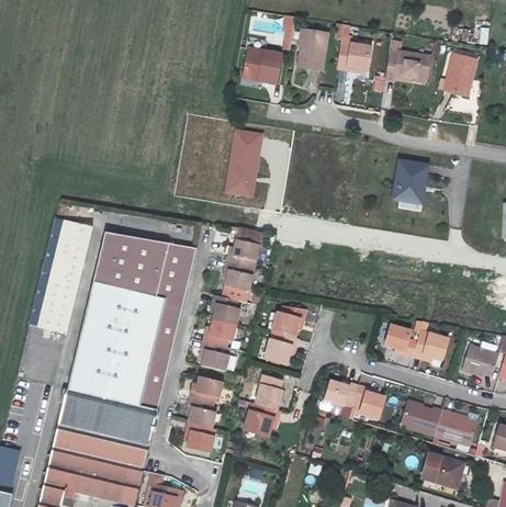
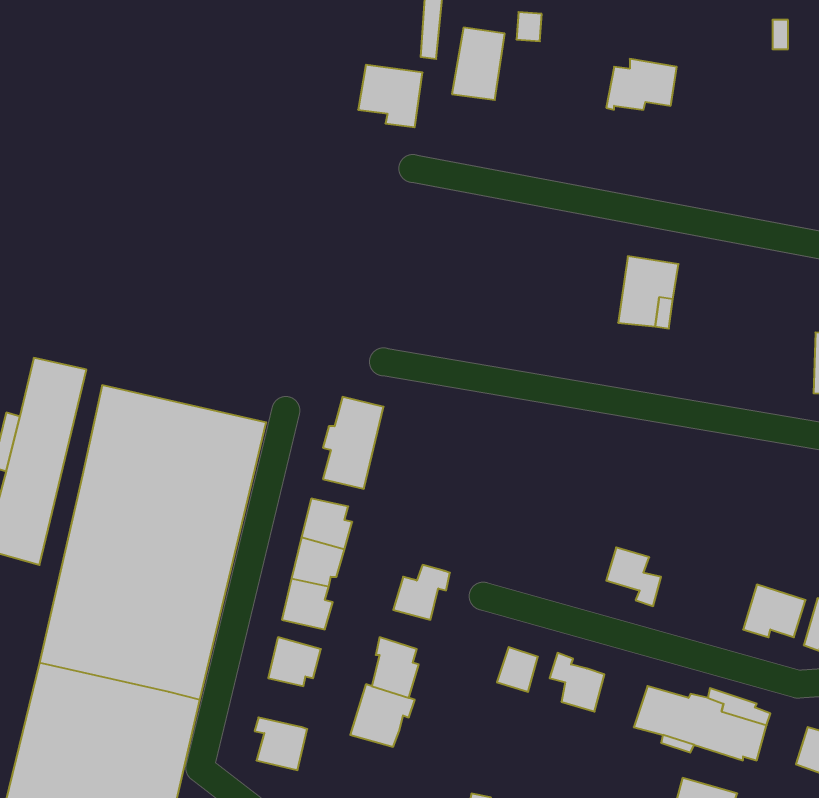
building: [337,45,370,70] -> none
building: [443,55,475,95] -> none
building: [223,129,263,196] -> none
building: [273,306,306,337] -> none
building: [412,329,447,359] -> none
building: [190,397,217,425] -> none

